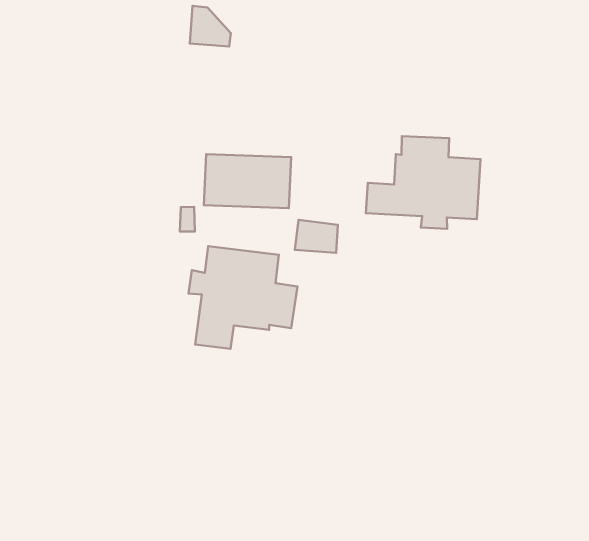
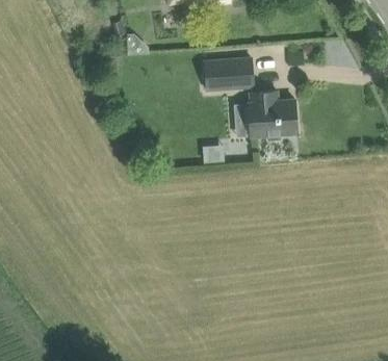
building: [204,154,291,208] -> [204,57,253,89]
building: [189,246,297,349] -> none

